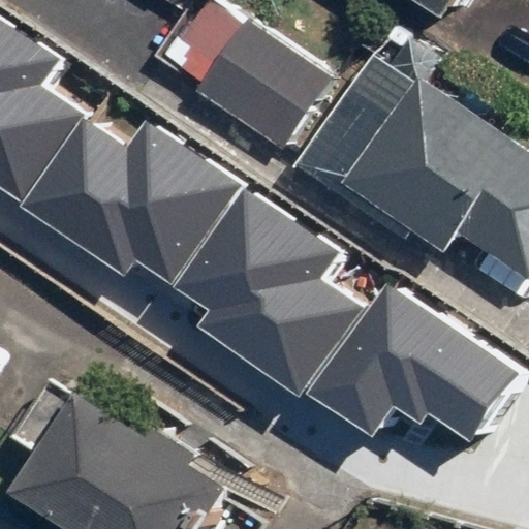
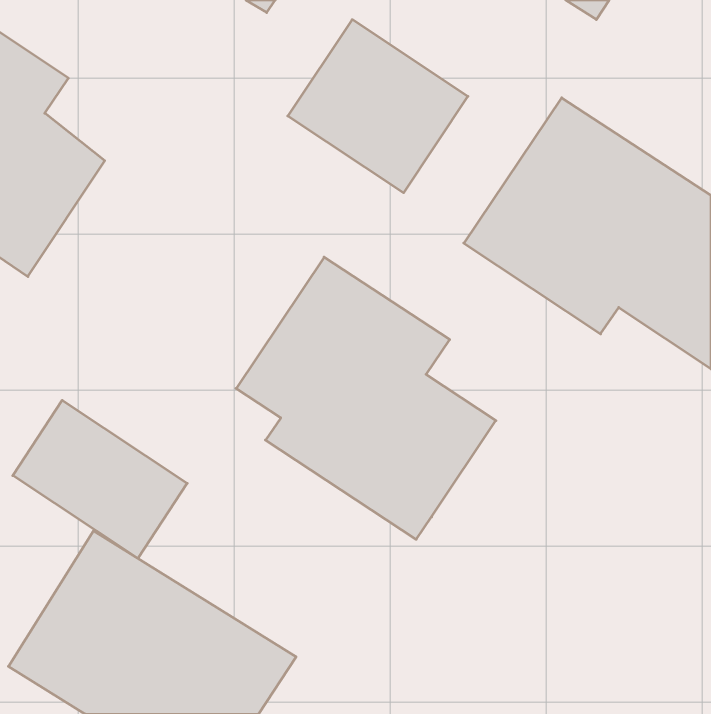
building: [21,119,240,287] -> none
building: [311,285,512,440] -> none
building: none -> [13,400,187,558]

